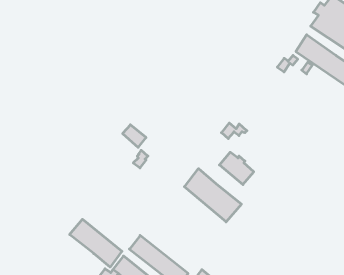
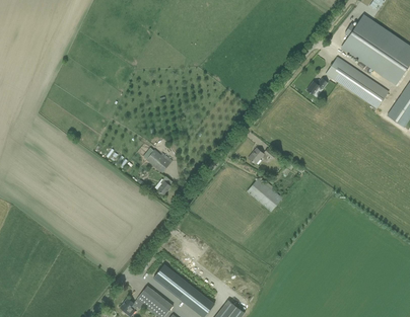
building: [184,169,241,222] -> none
building: [70,219,122,267] -> none

